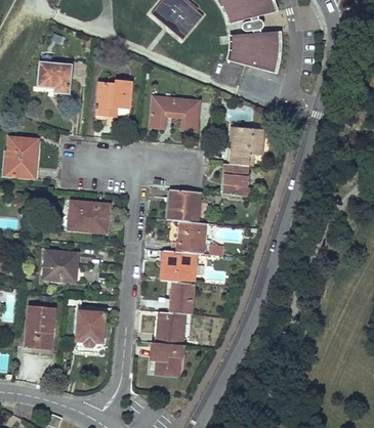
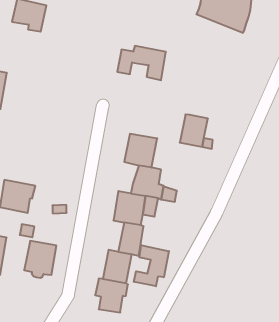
building: [95,80,132,116] -> none
building: [230,125,264,165] -> none
building: [69,201,109,230] -> none
building: none -> [134,245,169,286]

